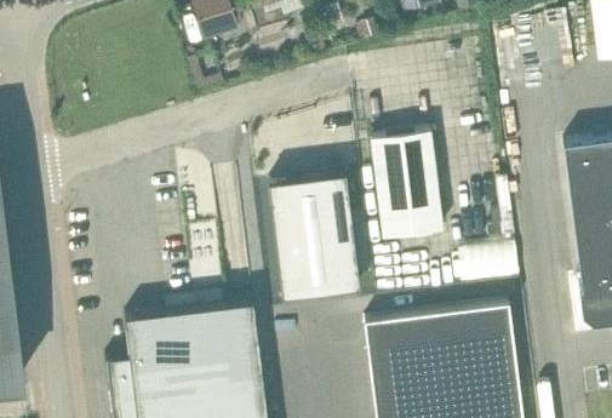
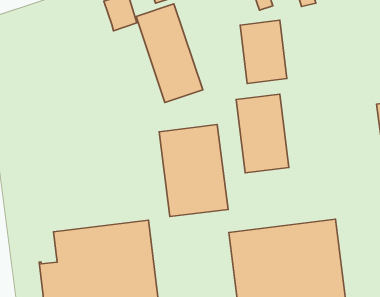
building: none -> [136,4,203,102]
building: none -> [240,20,287,83]

